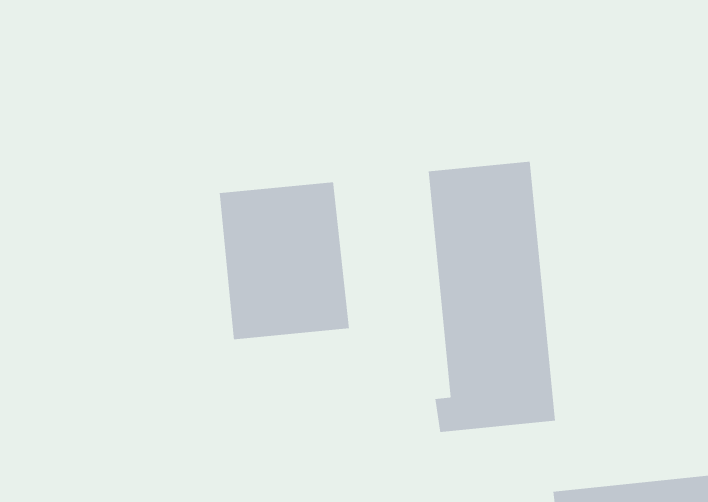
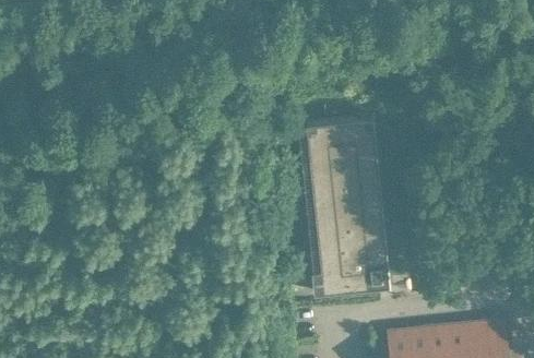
building: [219,181,350,340] -> none

